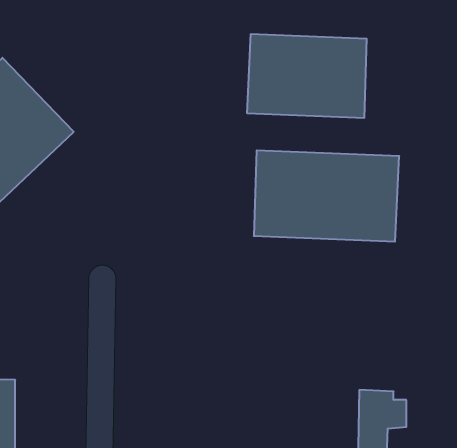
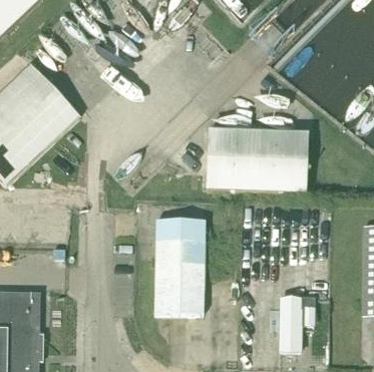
building: [247,34,367,118] -> none
building: none -> [154,218,205,312]

